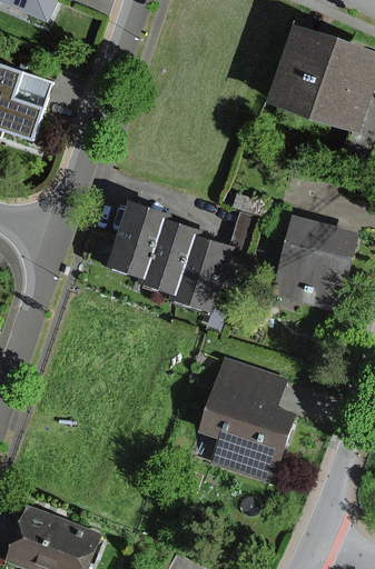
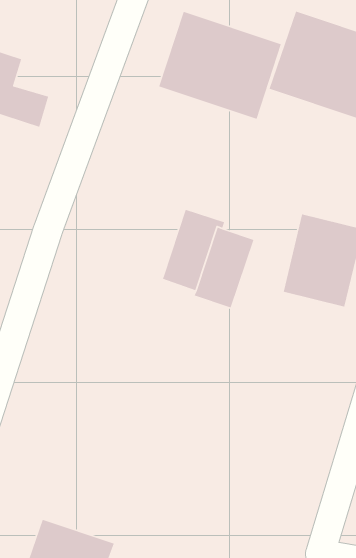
building: none -> [158,11,282,120]
building: [118,197,181,279] -> none
building: [196,360,287,480] -> none

